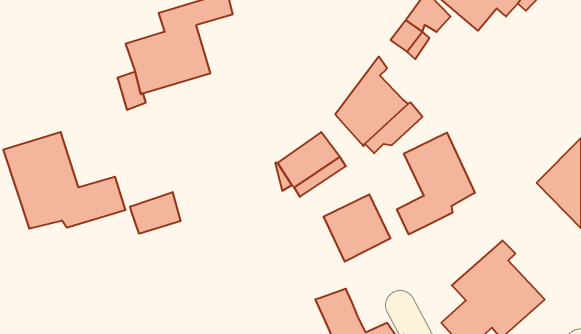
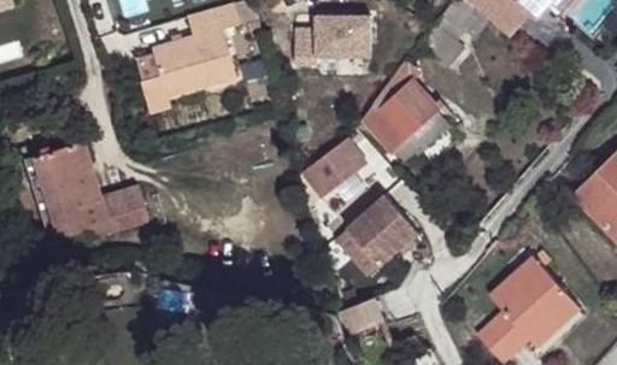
building: none -> [296,14,372,64]
building: [397,133,475,234] -> none
building: [130,192,181,234] -> none

